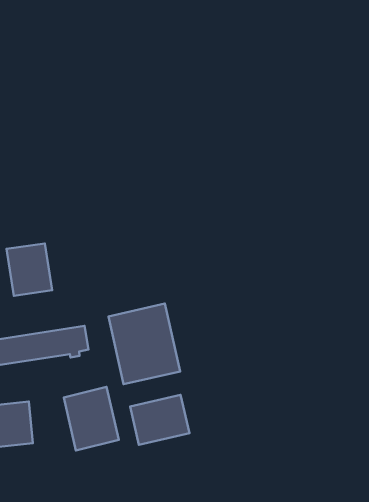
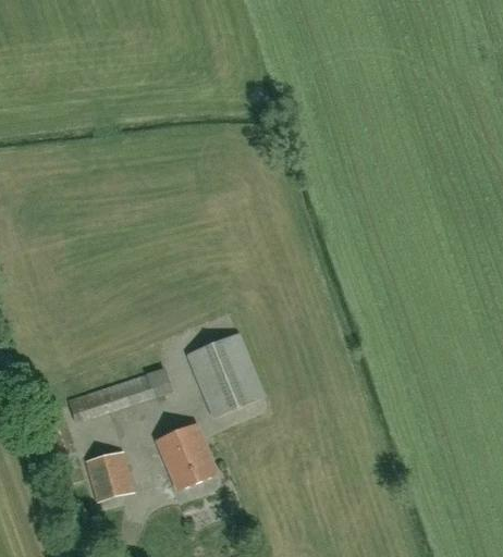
building: [6,244,52,296] -> none
building: [130,395,189,445] -> none

